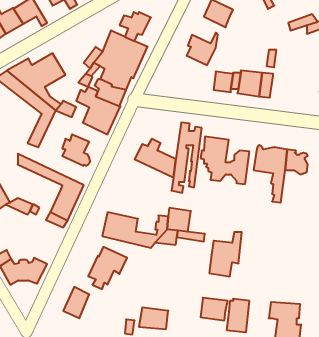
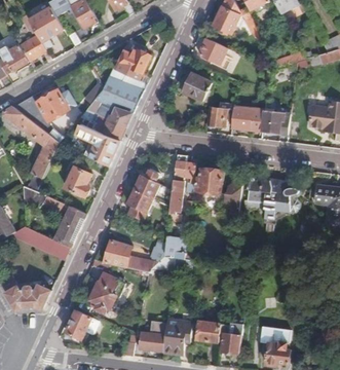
building: none -> [261,110,291,134]
building: none -> [126,189,152,221]
building: [209,232,242,276] -> [162,311,193,354]

